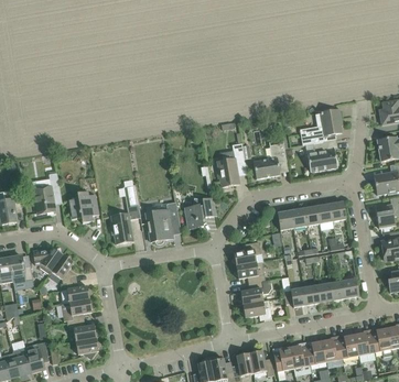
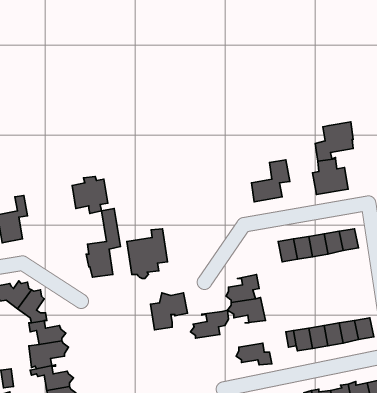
building: [217,143,246,186] -> none
building: [67,192,98,223] -> [72,177,108,213]
building: [184,197,216,229] -> [151,293,187,330]
building: [238,280,271,304] -> [190,310,229,338]

